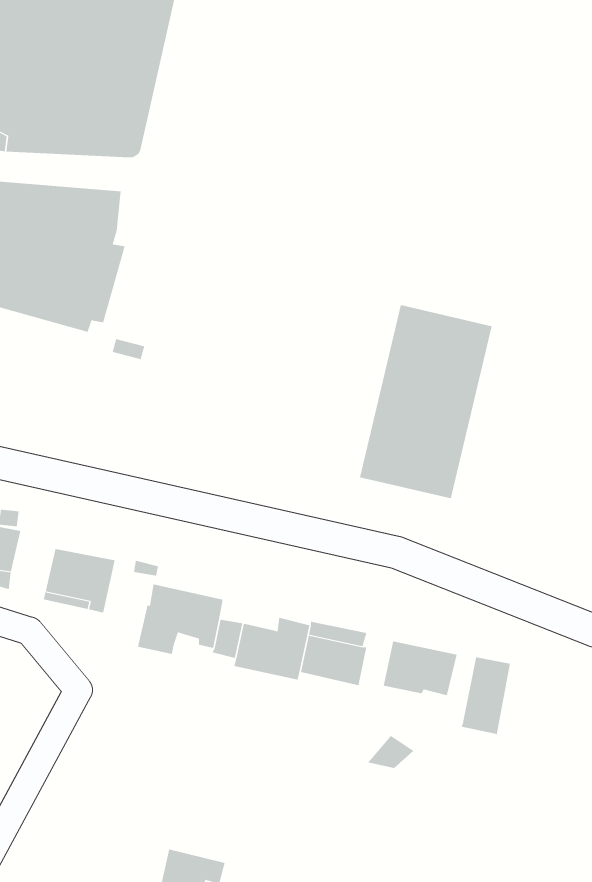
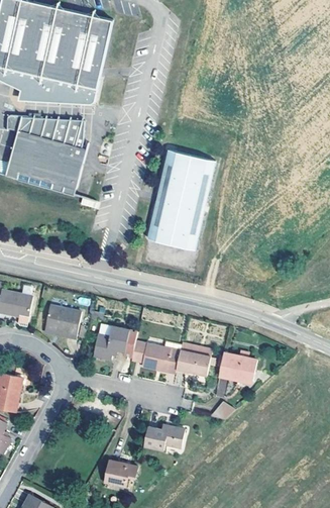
building: [359,305,493,499] -> [146,149,215,249]
building: [461,656,510,735] -> none
building: none -> [143,424,184,450]

